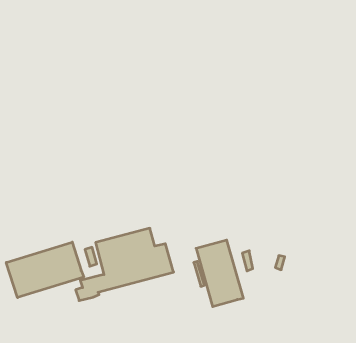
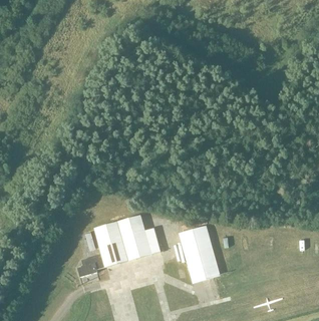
building: [6,242,84,298] -> none

